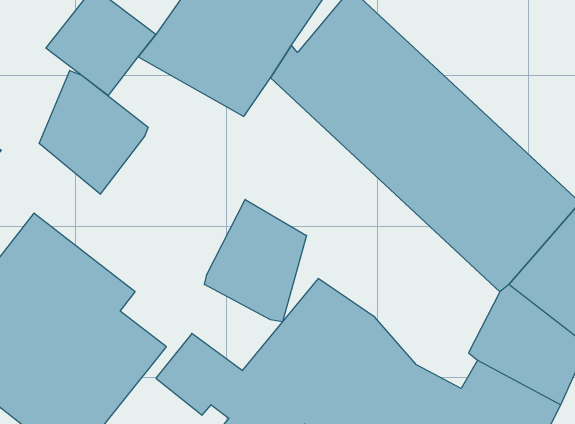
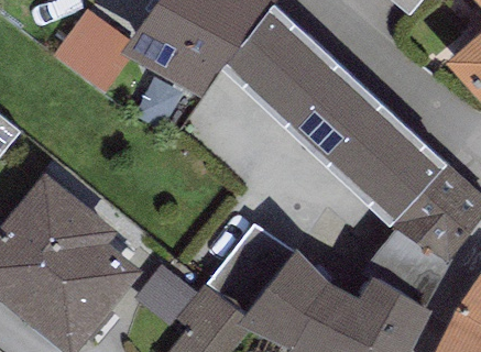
building: [39,70,148,194] -> none
building: [204,199,307,322] -> none

